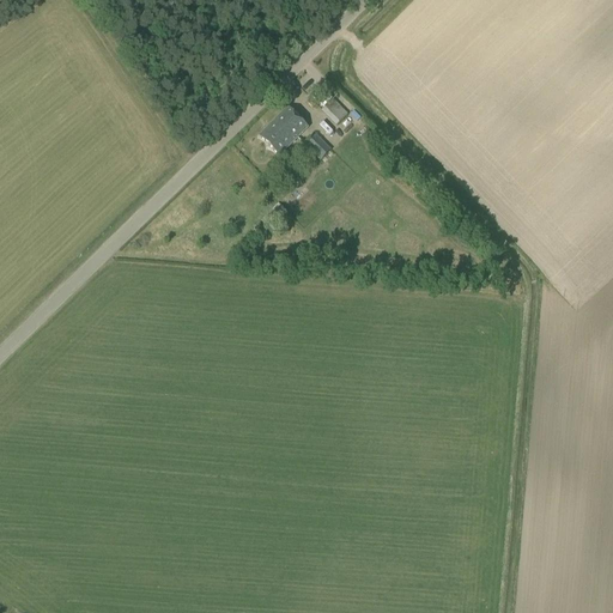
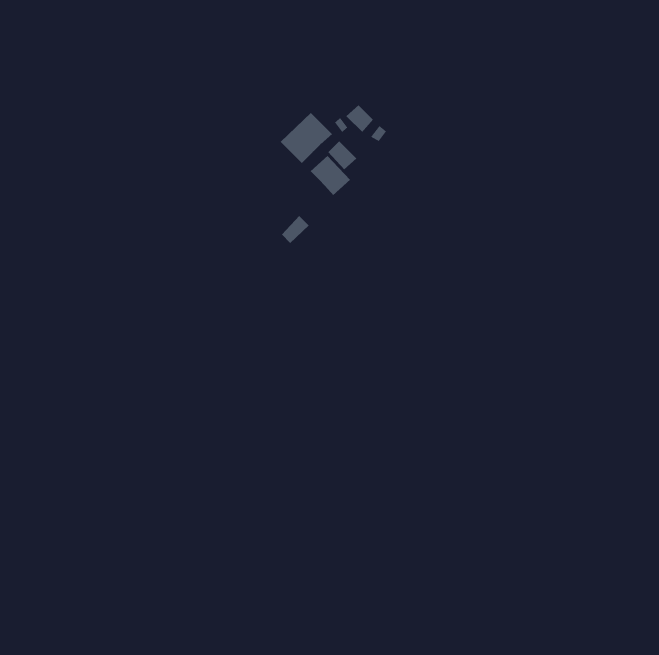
building: none -> [310,155,351,196]

